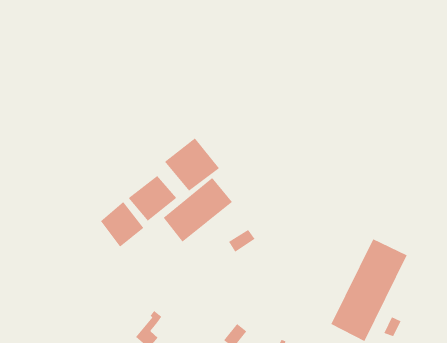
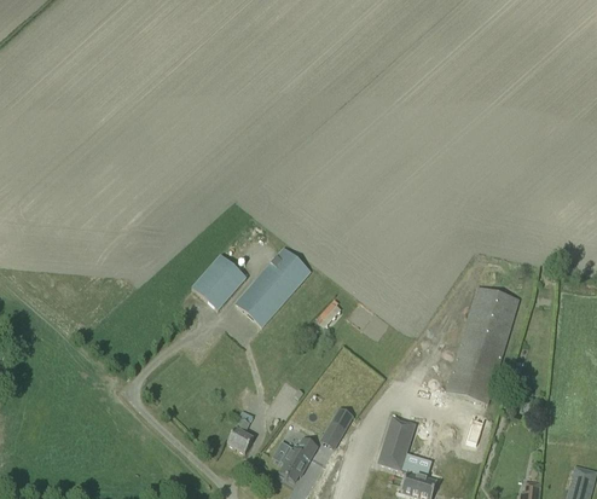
building: [164,138,220,191] -> none
building: [100,201,144,248] -> none

